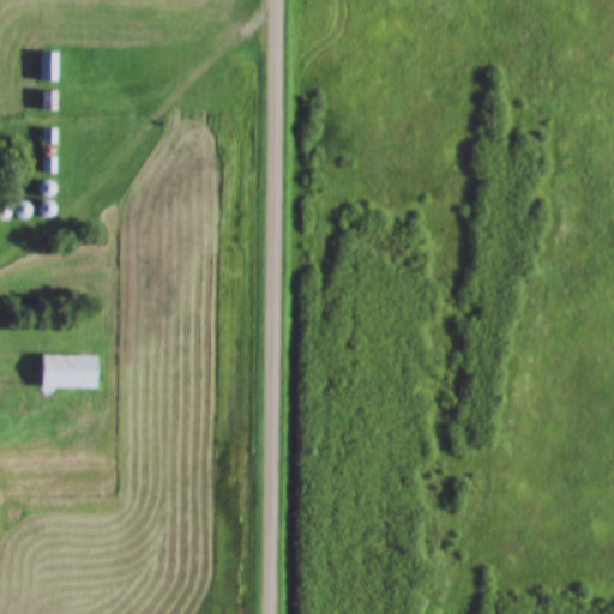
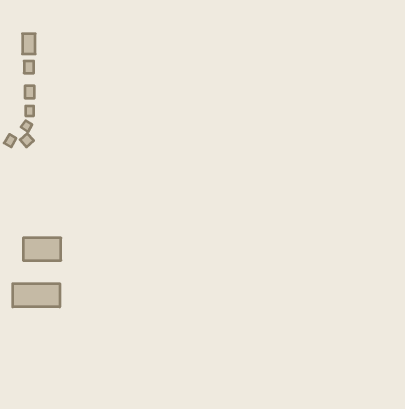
building: none -> [13,284,60,307]

